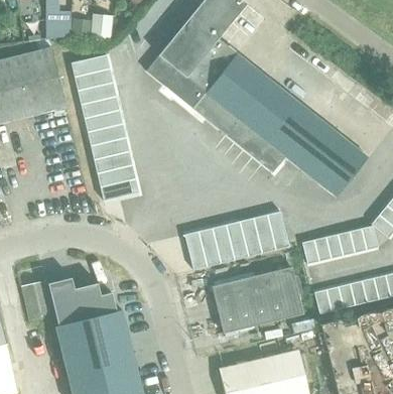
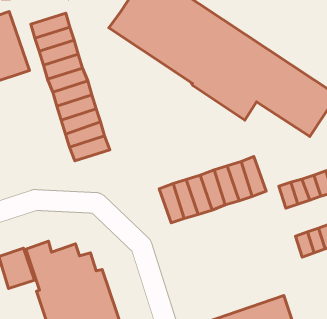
building: [211,266,302,334] -> none

